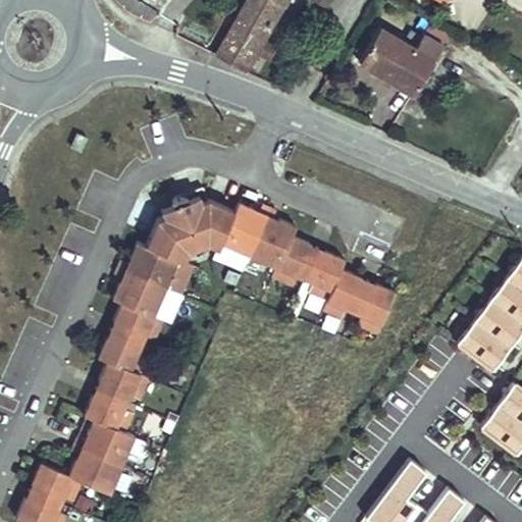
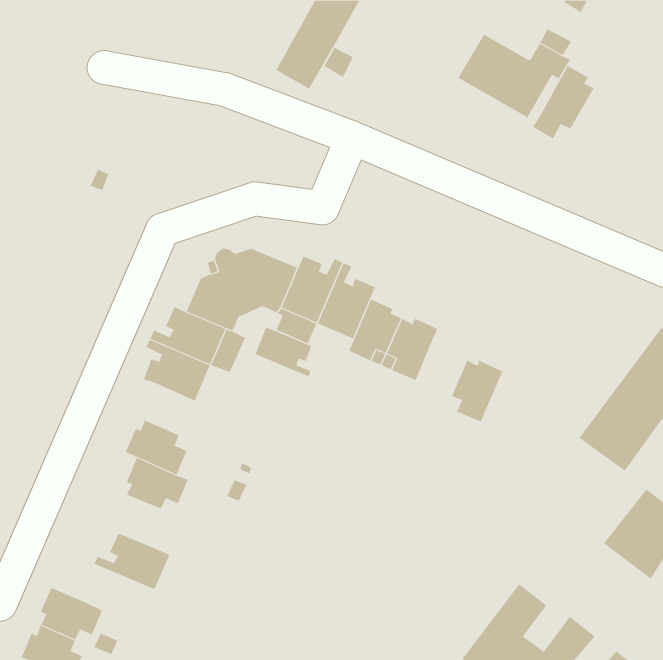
building: none -> [532,65,595,139]
building: none -> [255,327,312,377]
building: [323,270,367,319] -> none
building: [114,304,163,345] -> none
building: [85,392,134,434] -> none
building: [69,446,122,494] -> none

